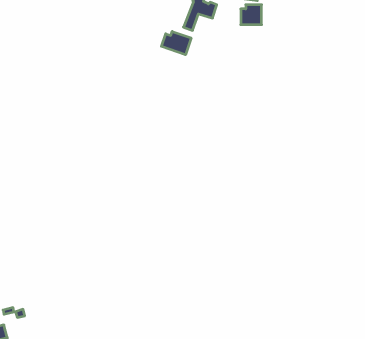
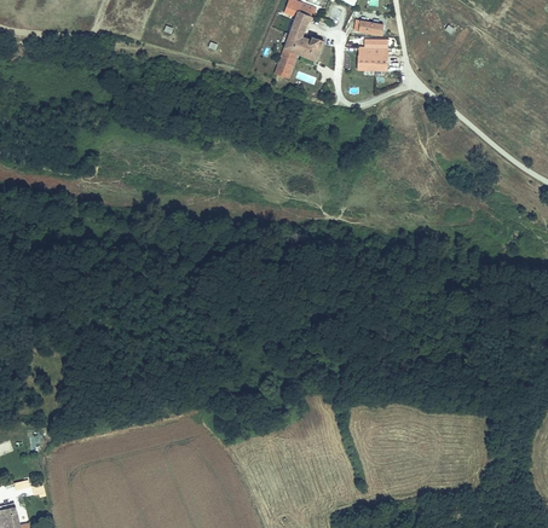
building: [161,31,191,55] -> none

